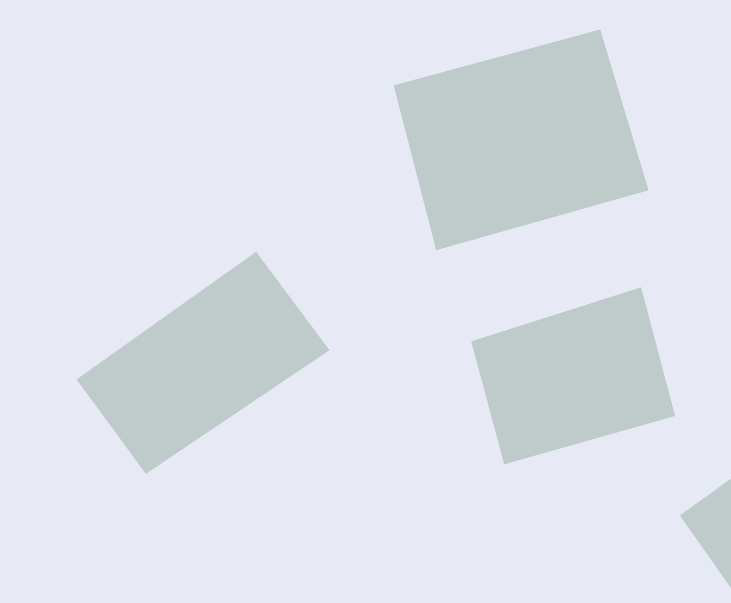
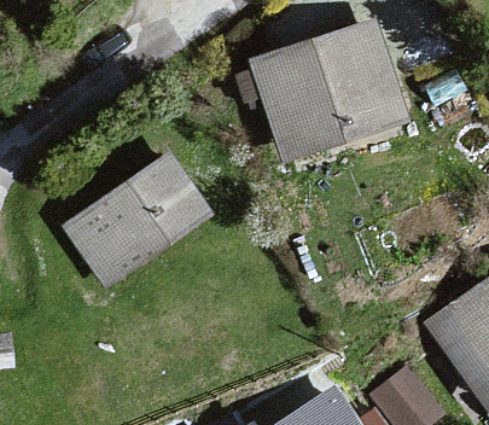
building: [471,286,676,465] -> none

